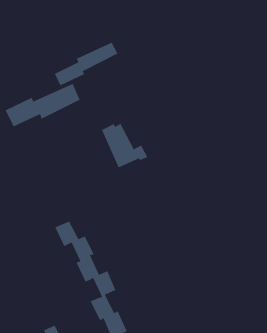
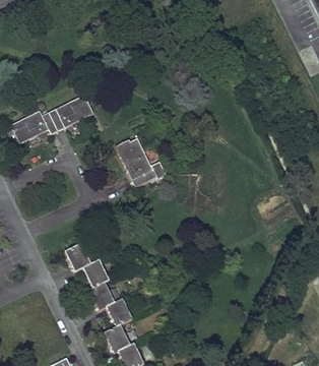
building: [54,42,118,86] -> none

